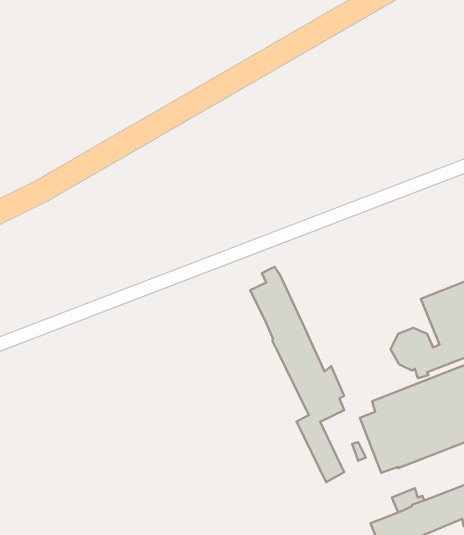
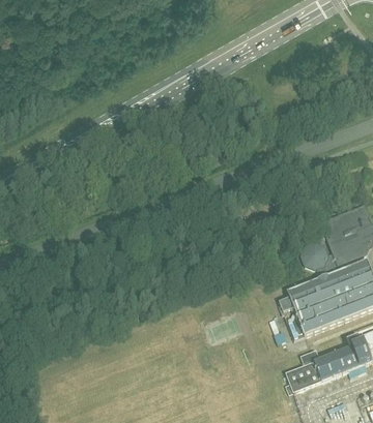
building: [250,267,344,482] -> none

